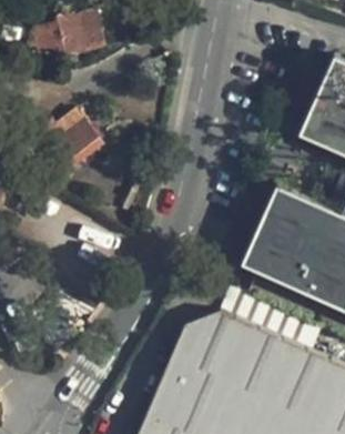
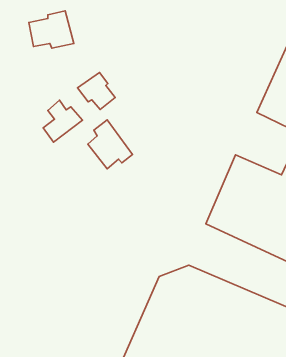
building: none -> [78,72,115,110]
building: none -> [88,120,133,169]

